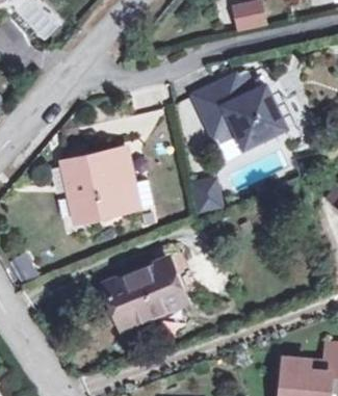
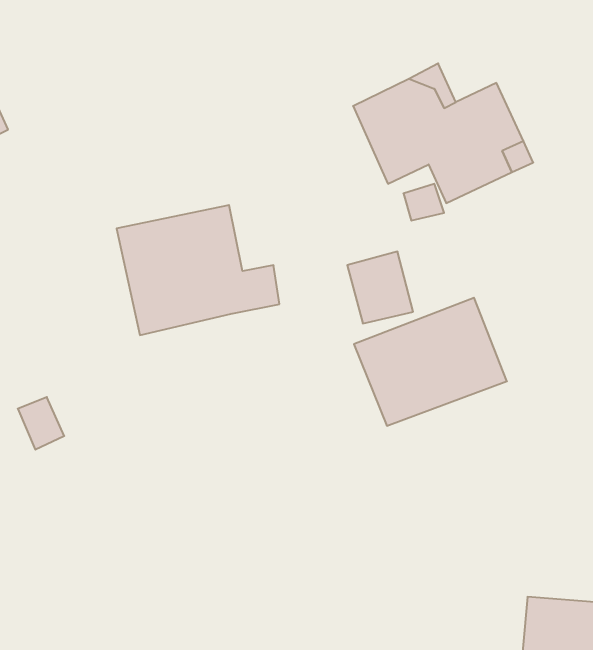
building: [103,259,185,327] -> [354,298,507,426]

